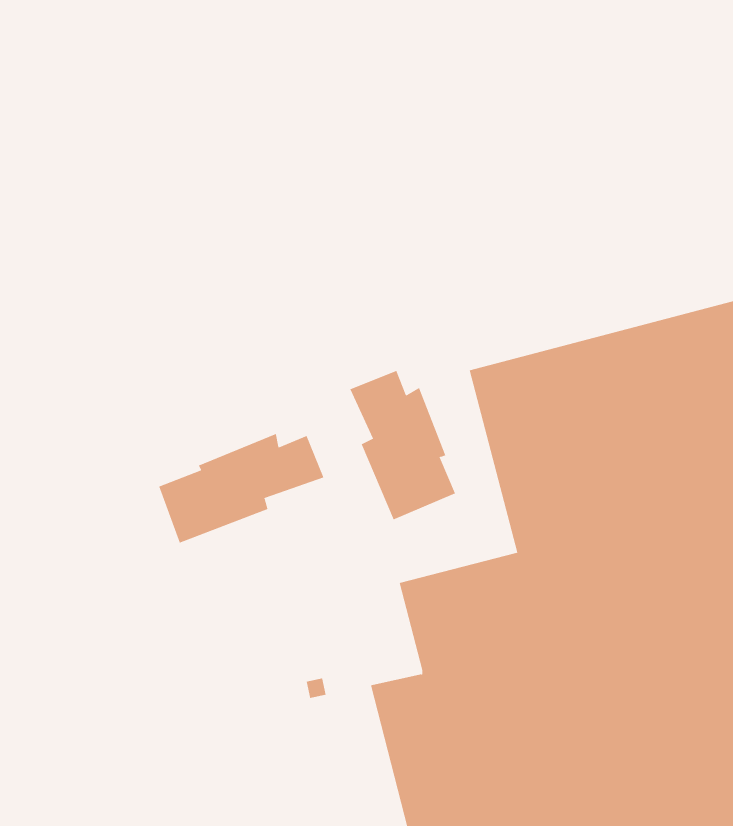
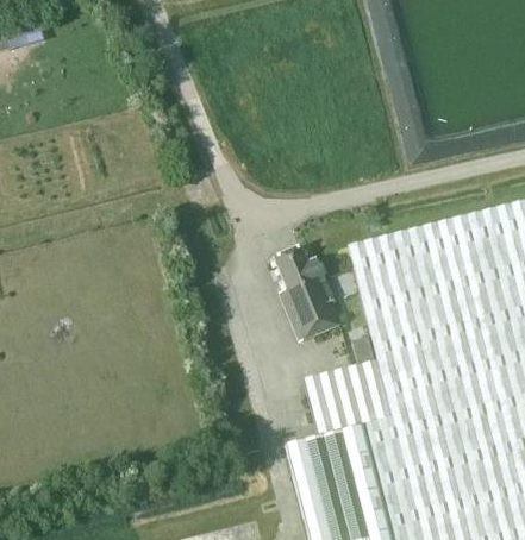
building: [158,433,324,543] -> none

